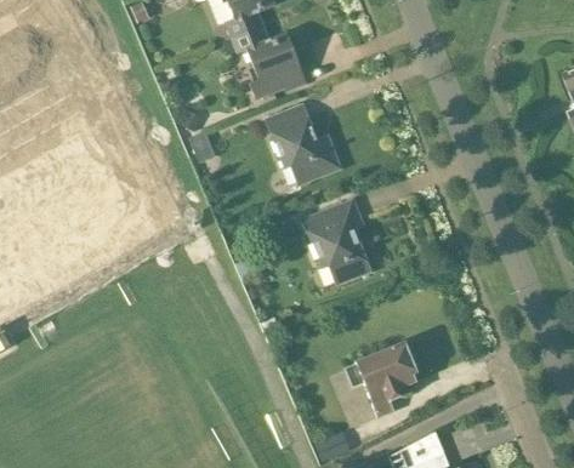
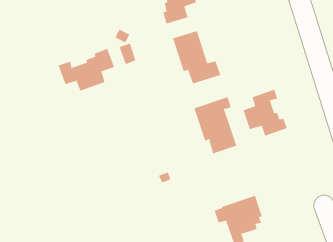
building: none -> [58,48,115,91]
building: none -> [243,89,287,136]

